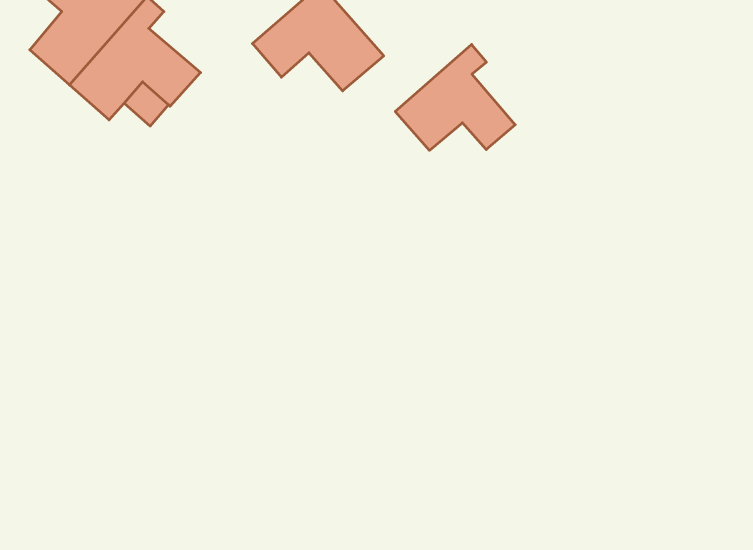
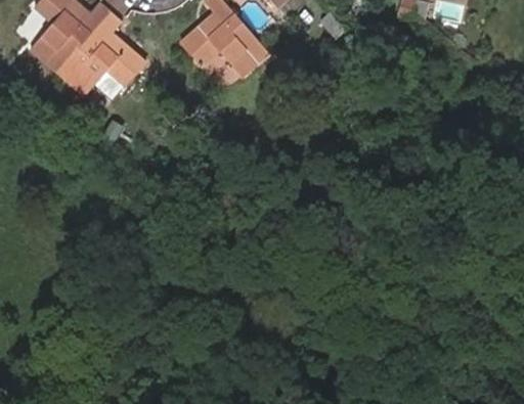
building: [395,44,515,150] -> none

